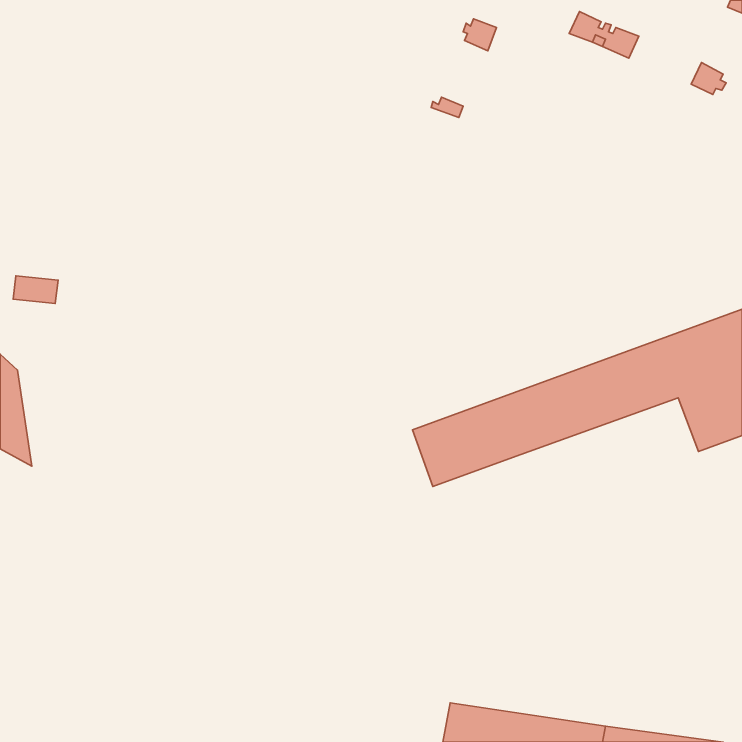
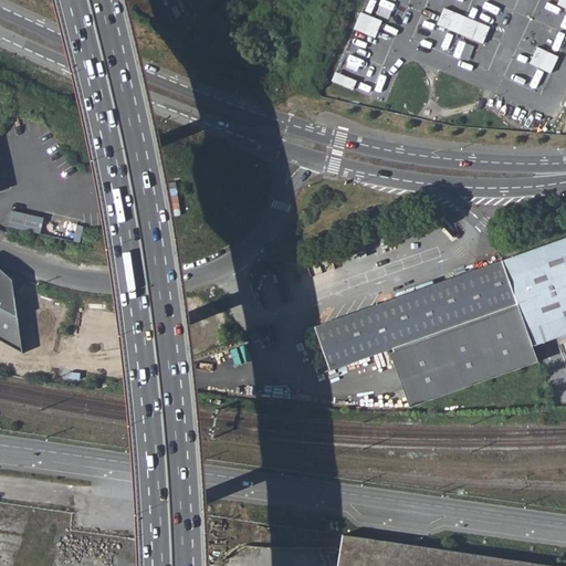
building: none -> [389,303,537,407]

